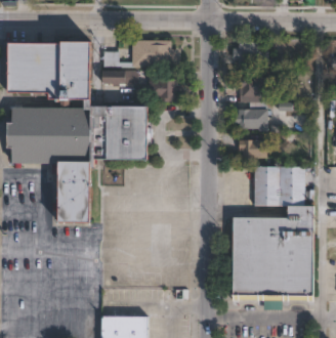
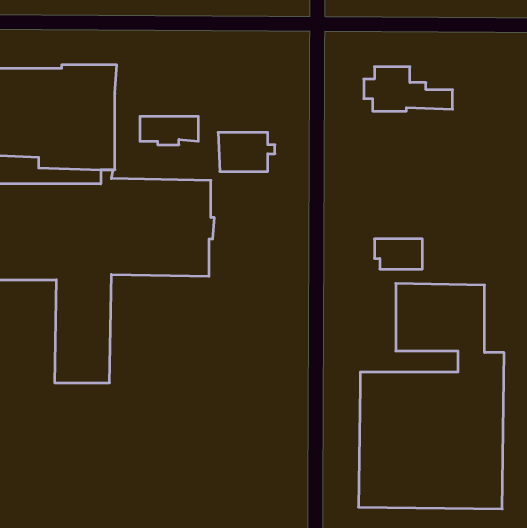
building: [121,38,182,67] -> none
building: [236,76,275,132] -> none

